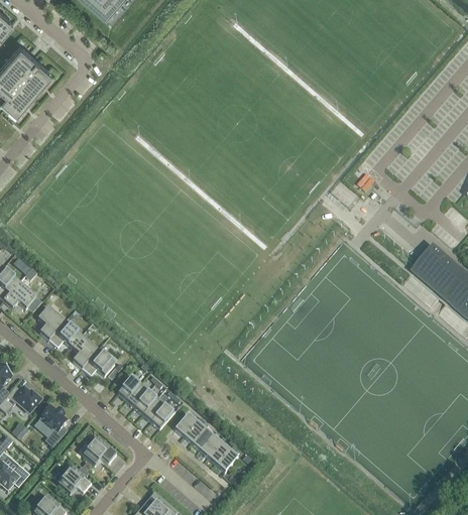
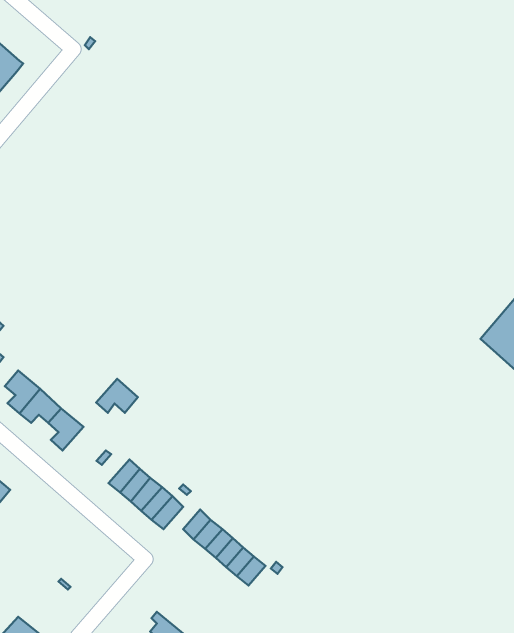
building: [83,349,115,375] -> [96,379,138,413]
building: [41,404,69,445] -> none
building: [84,436,117,464] -> none
building: [58,466,92,493] -> none

